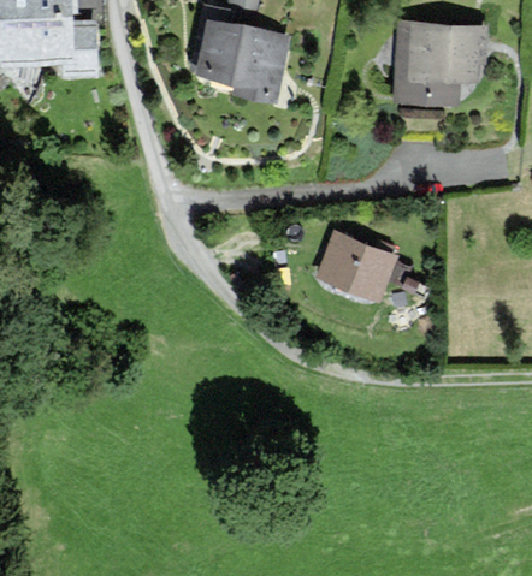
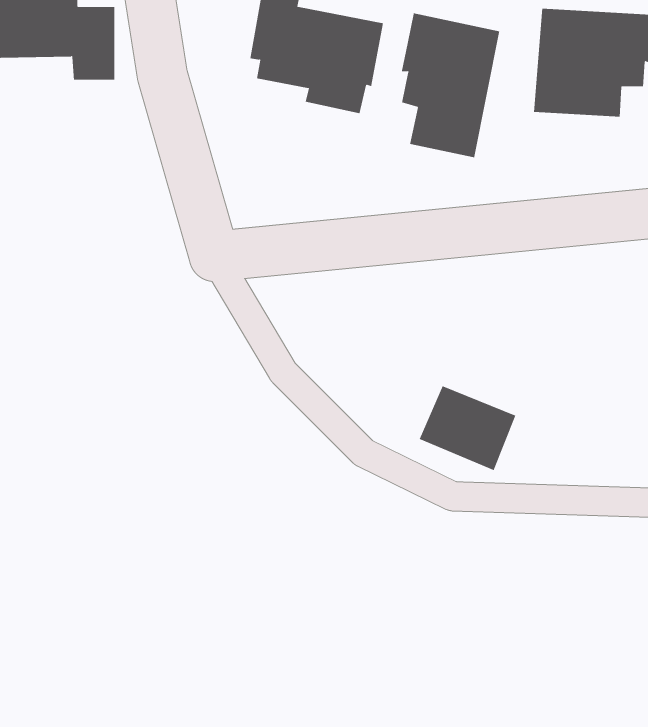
building: none -> [401,13,500,158]
building: [320,234,390,296] -> [419,385,516,471]

